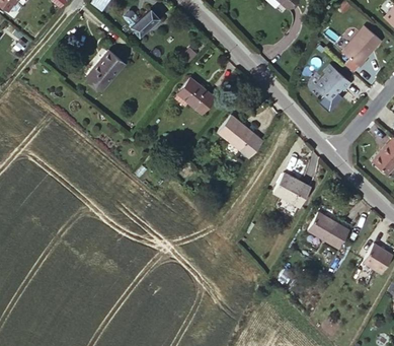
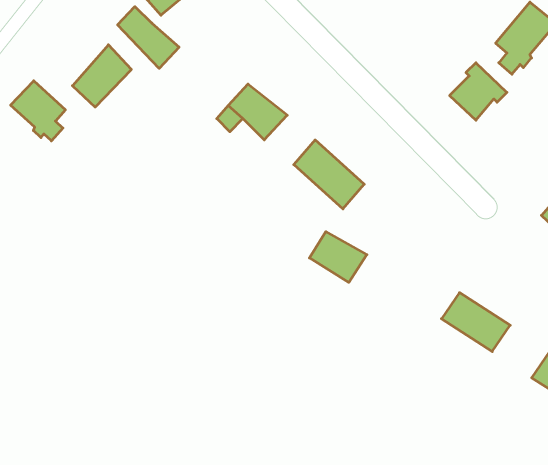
building: none -> [118,7,179,68]
building: none -> [11,81,65,141]
building: [272,172,308,204] -> [309,232,367,282]

